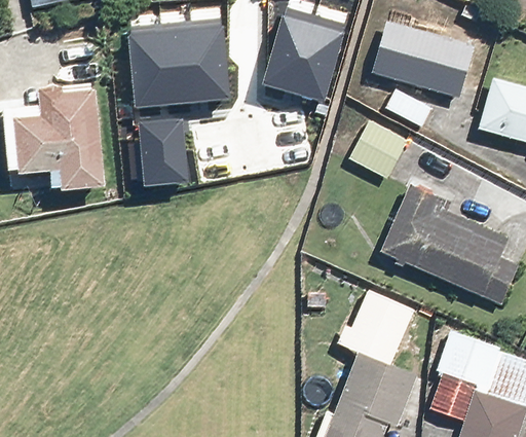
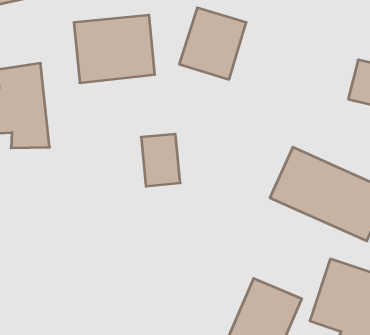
building: [371,13,475,100] -> none
building: [343,117,404,177] -> none
building: [143,119,192,185] -> [141,134,180,186]
building: [345,292,411,361] -> none

